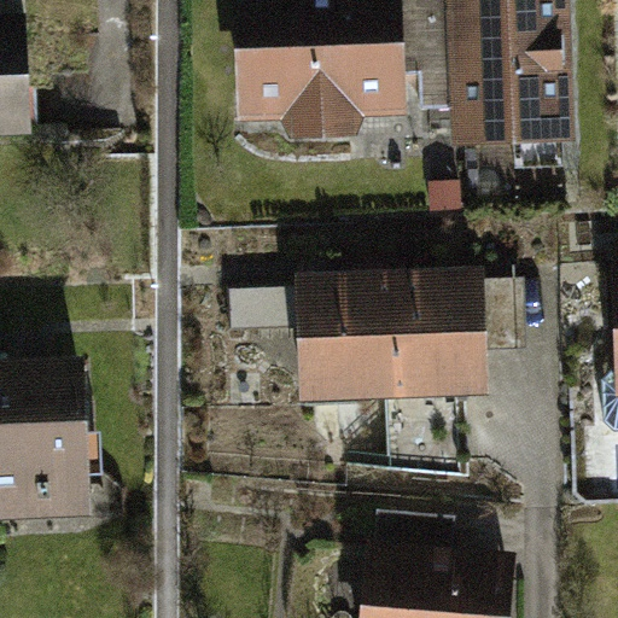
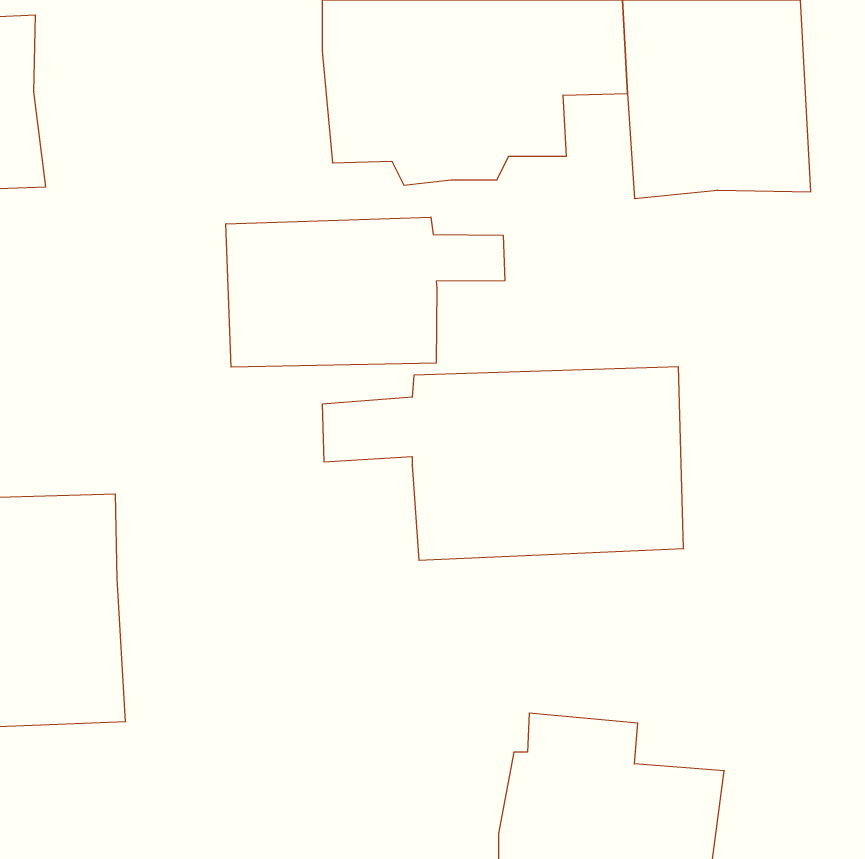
building: none -> [226,217,505,367]

